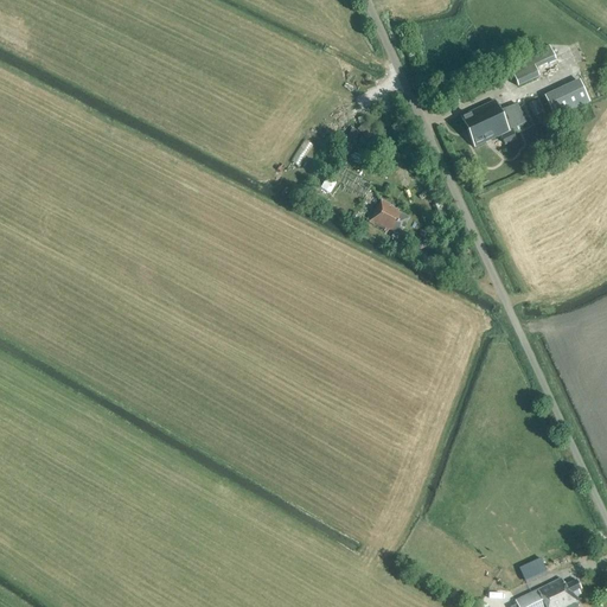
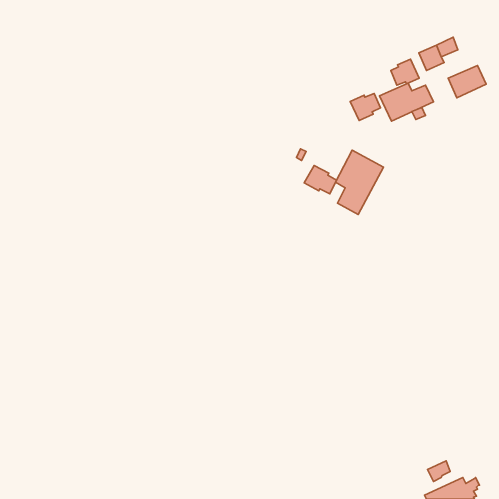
building: none -> [391,59,419,85]
building: none -> [350,93,380,120]
building: none -> [335,150,384,214]

